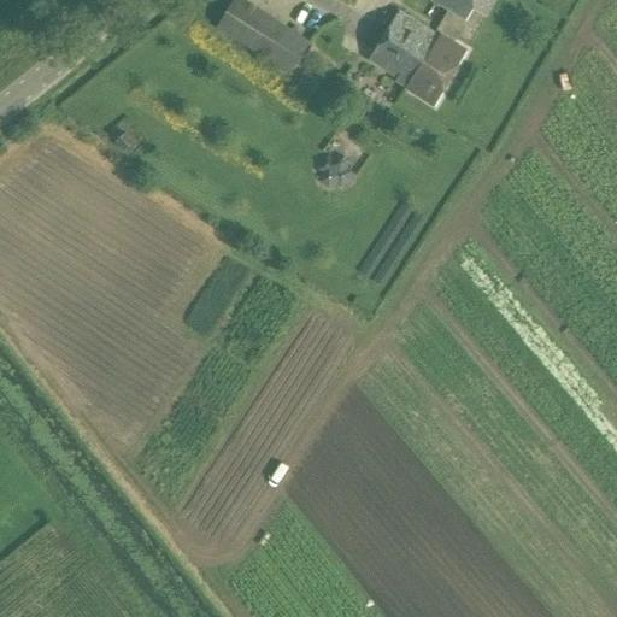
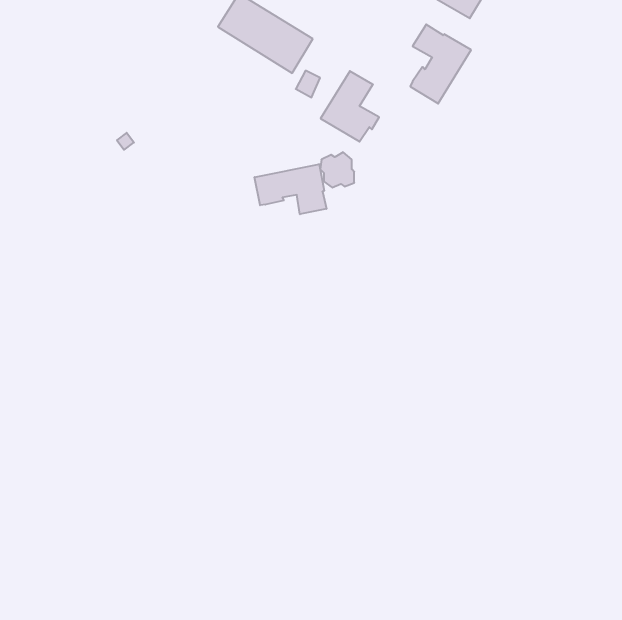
building: [370,11,428,81] -> [321,71,379,142]
building: none -> [255,164,326,214]

